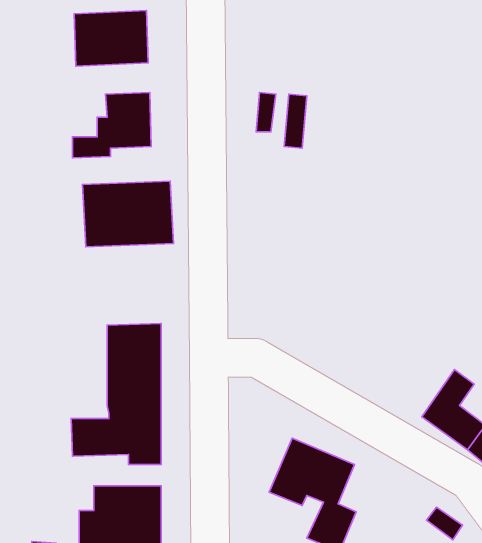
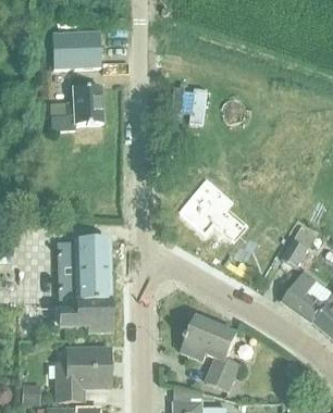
building: [82,181,173,247] -> none
building: none -> [178,177,247,239]
building: none -> [282,224,317,266]

